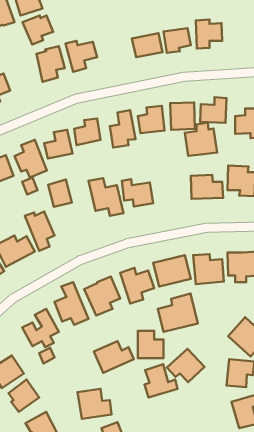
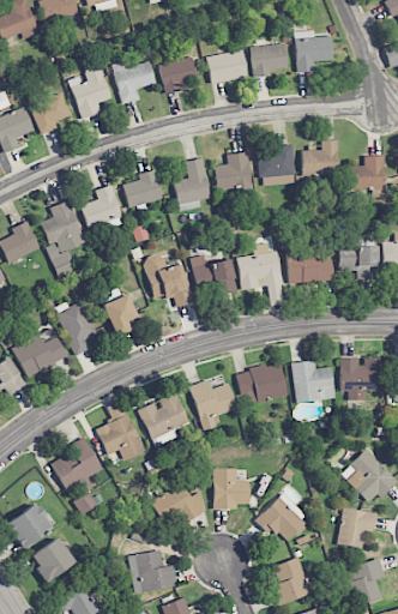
building: [23,15,53,44] -> [29,94,72,134]
building: none -> [158,58,198,95]
building: [185,123,217,156] -> [236,243,282,290]
building: [48,180,72,207] -> [104,295,138,333]
building: [158,294,198,332] -> none
building: [144,364,178,397] -> [272,558,319,604]

